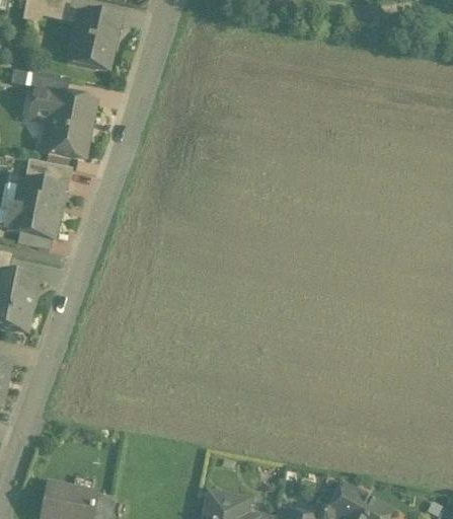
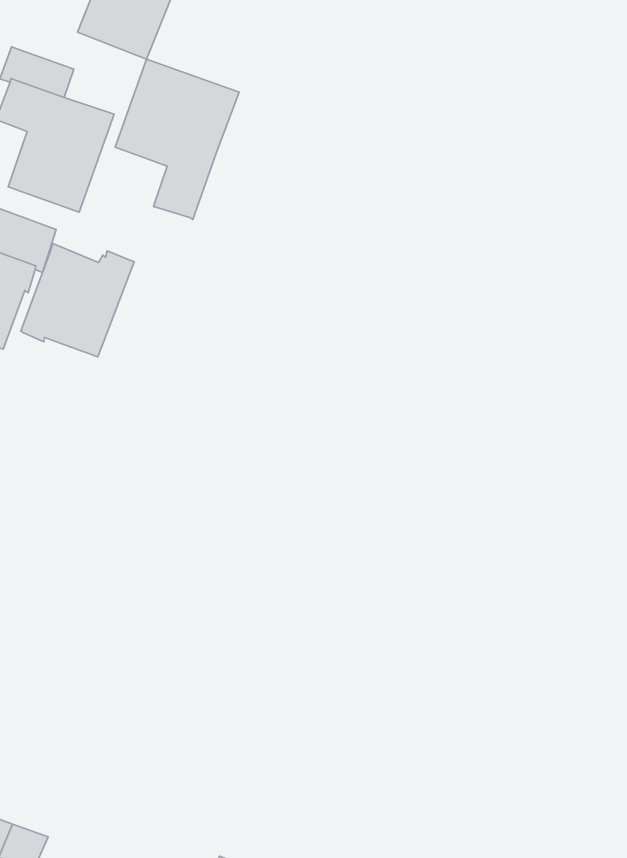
building: none -> [115,59,239,219]
building: none -> [21,243,134,357]

